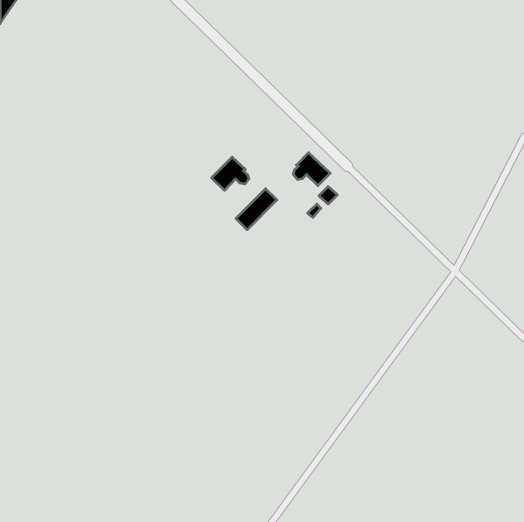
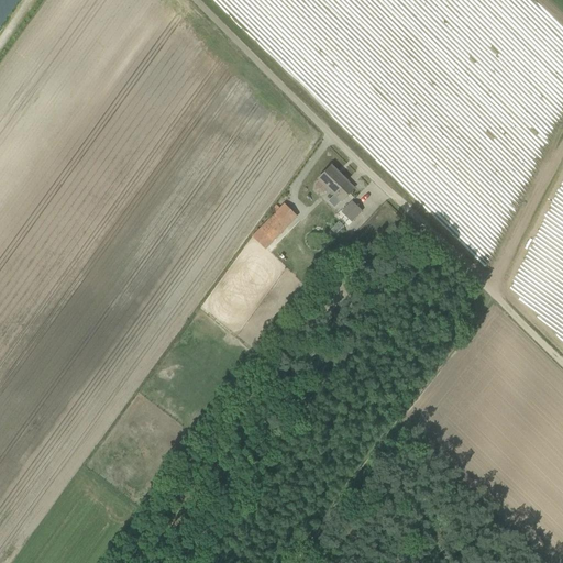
building: [212,157,249,190] -> none

